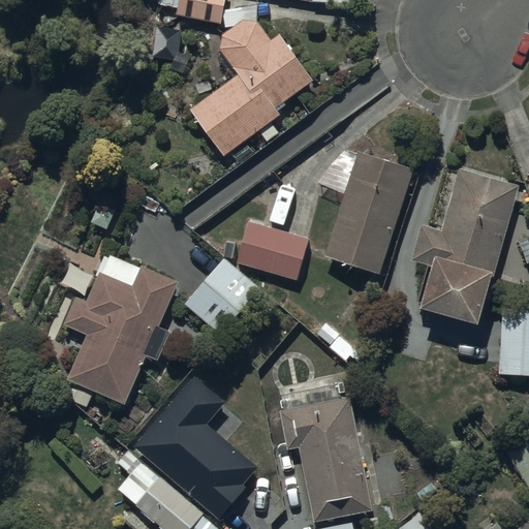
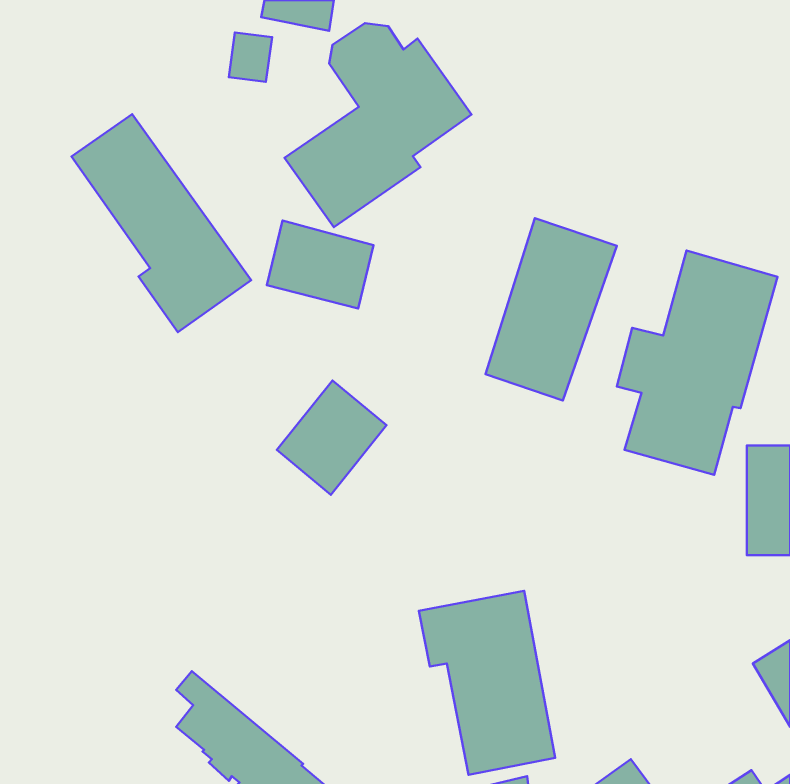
building: none -> [71,114,251,332]
building: [238,222,309,281] -> [267,220,374,309]
building: [65,253,179,406] -> none
building: [134,378,257,521] -> none

